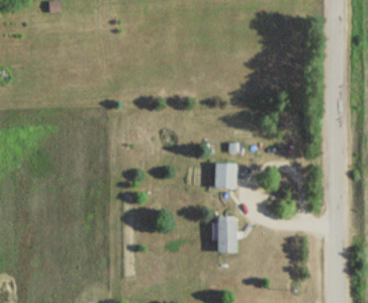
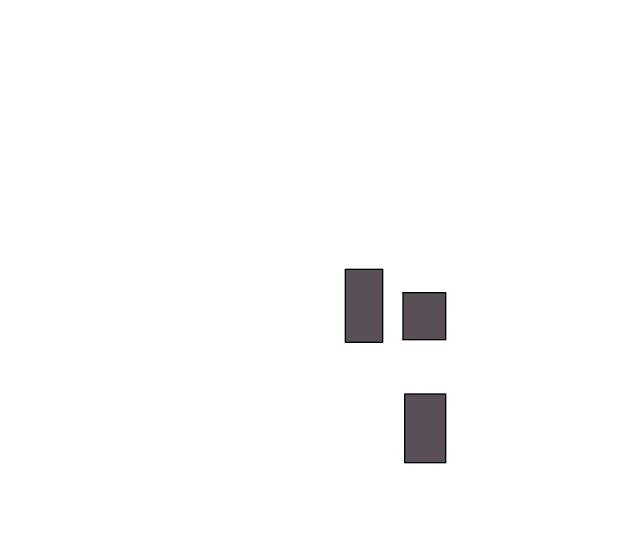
building: none -> [346,269,383,342]

